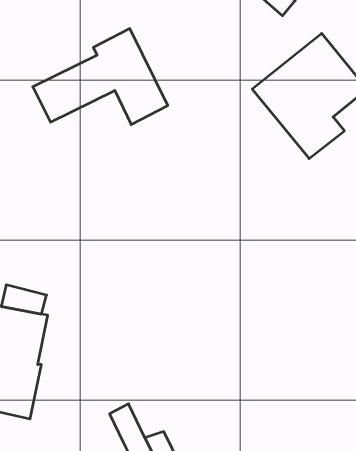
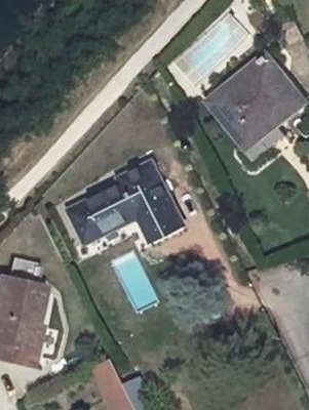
building: [33,29,168,125] -> [71,163,181,241]

